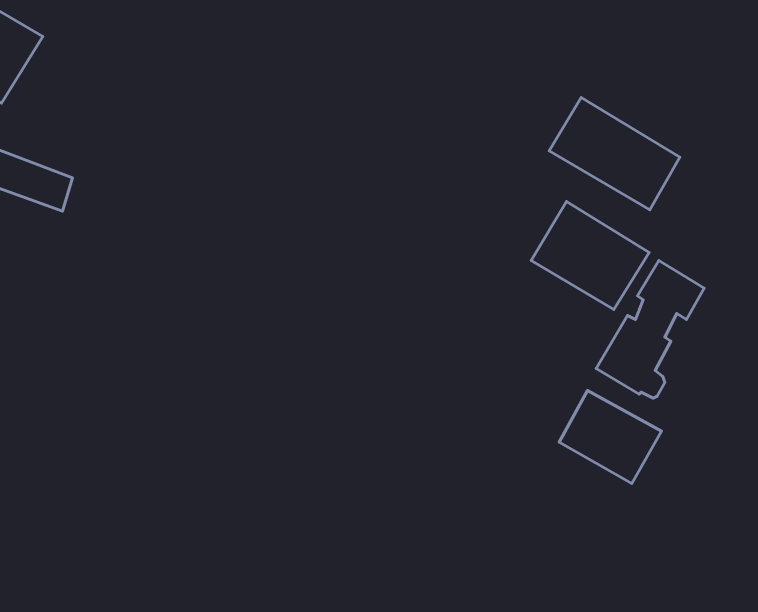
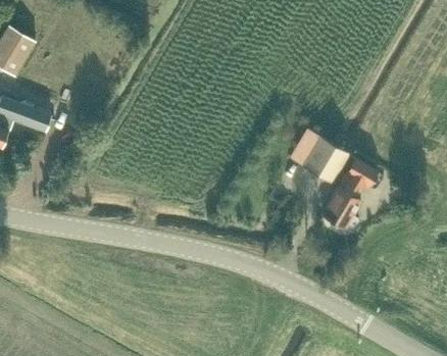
building: [549,98,680,210] -> none
building: [559,391,662,484] -> none

